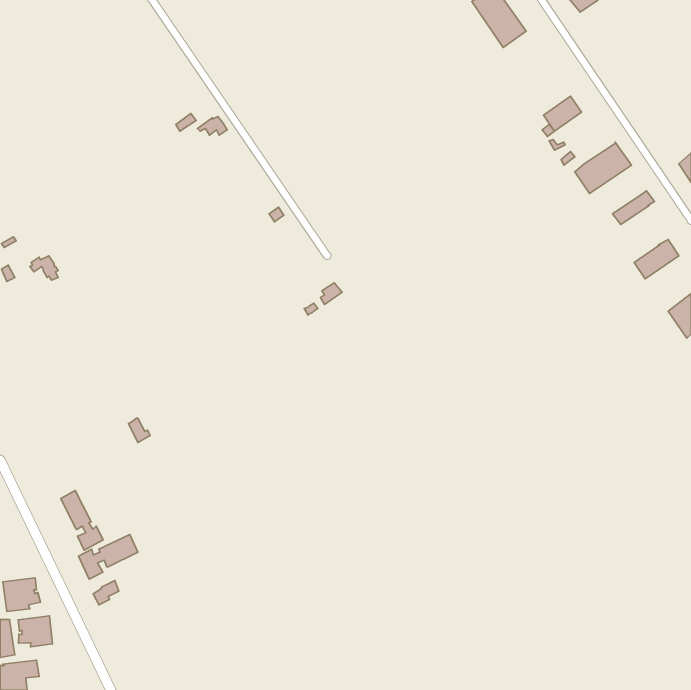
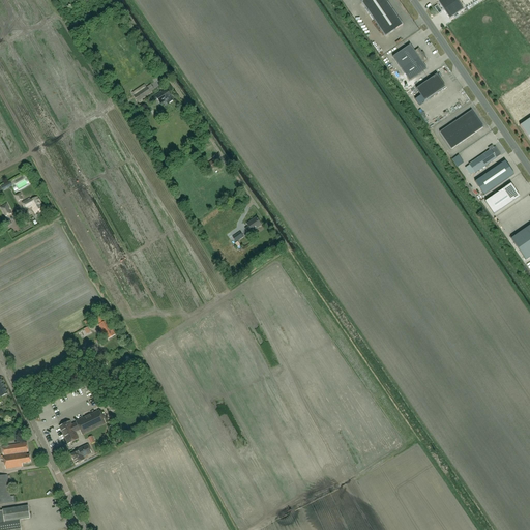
building: none -> [392,43,428,80]
building: none -> [475,160,514,195]
building: [61,490,103,550] -> none
building: [18,616,53,647] -> none

